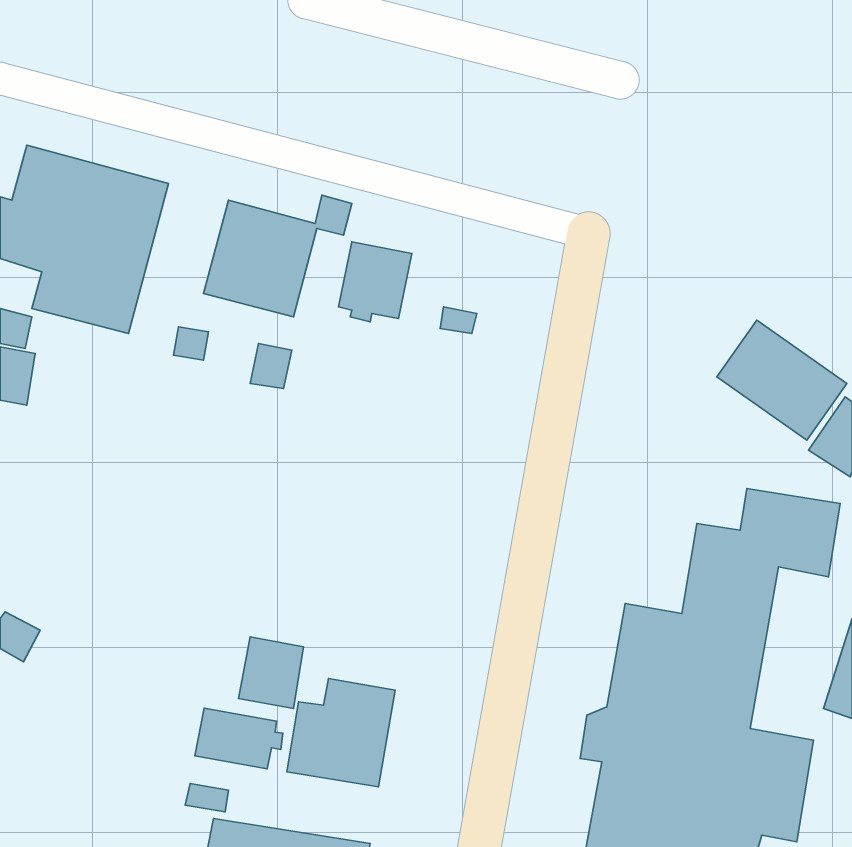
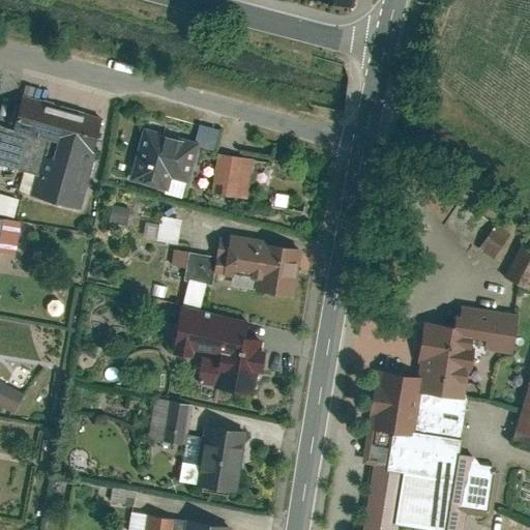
building: none -> [171,232,301,307]
building: none -> [170,308,264,393]
building: [195,708,283,769] -> none

